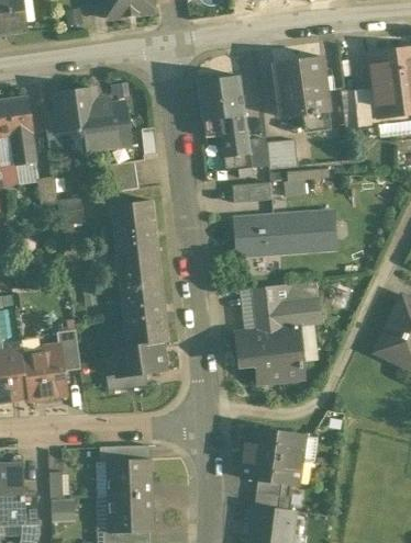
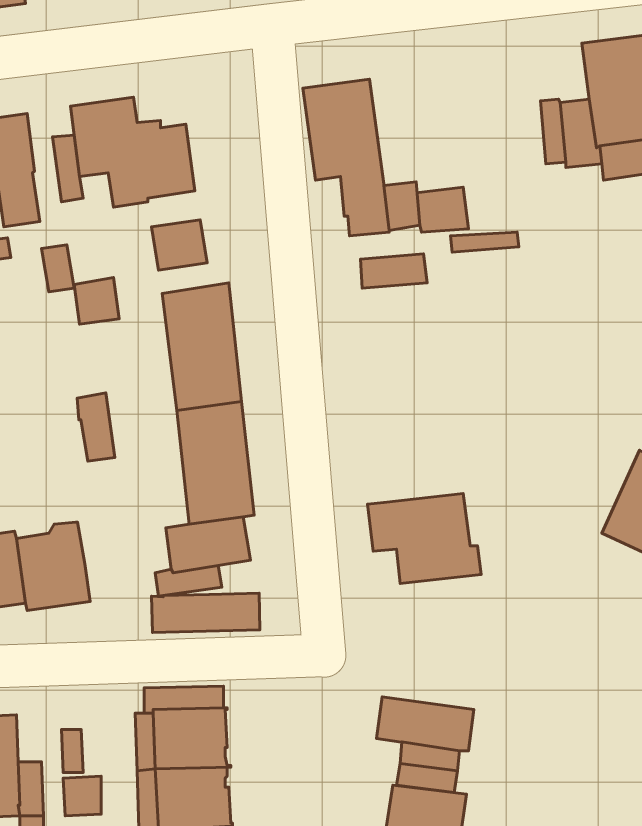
building: [273,55,330,117] -> none
building: [234,210,336,256] -> none
building: [241,283,321,332] -> none
building: [57,328,80,370] -> [77,393,115,461]
building: none -> [152,593,260,633]
building: [245,427,304,459] -> none

